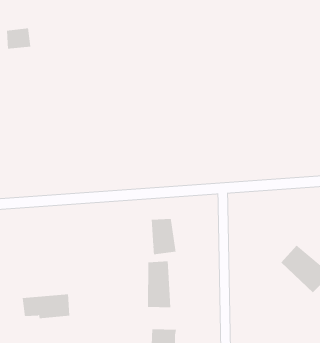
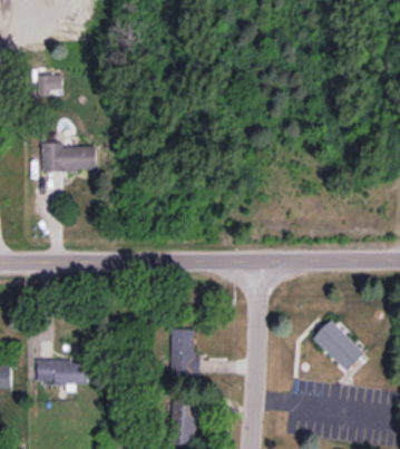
building: none -> [42,141,96,172]
building: [151,218,176,255] -> none

